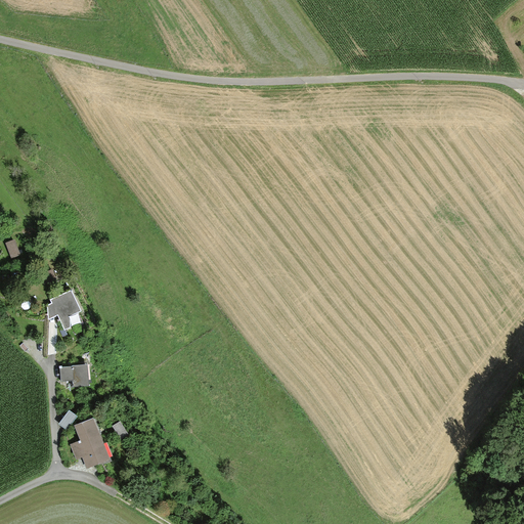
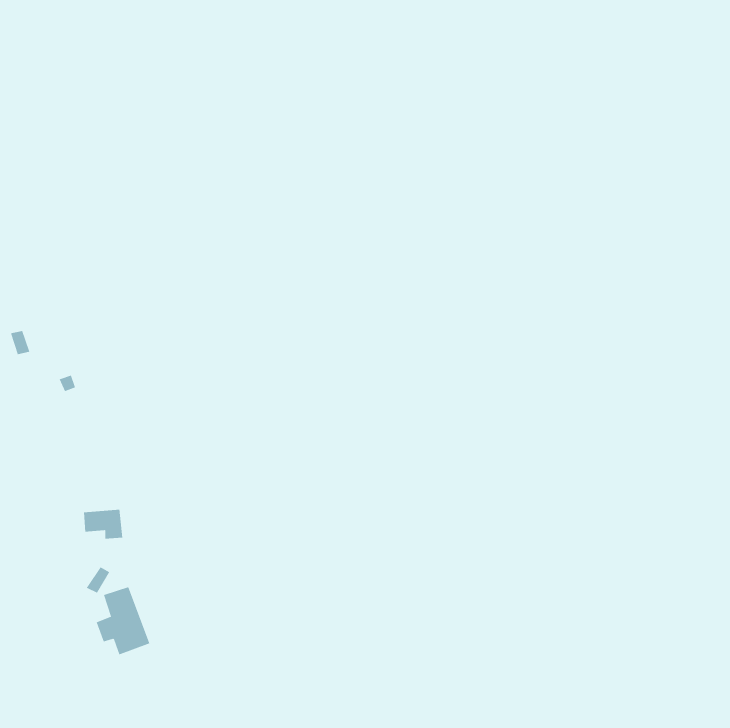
building: [48,290,82,330] -> none

